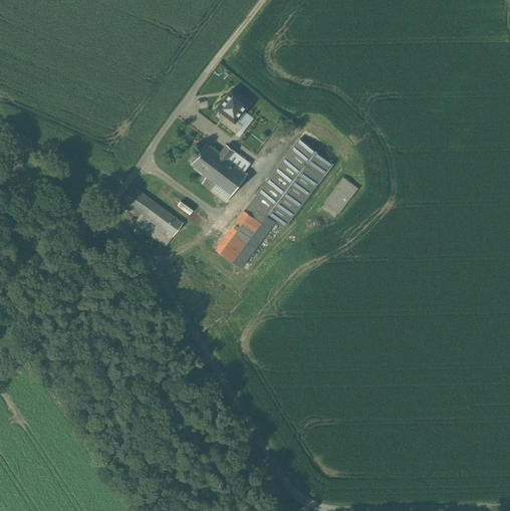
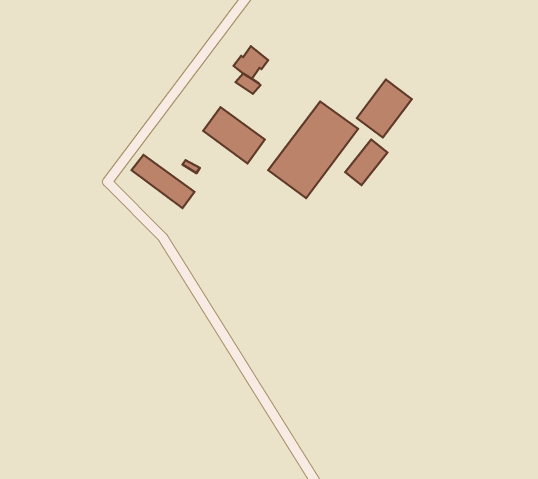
building: none -> [357,80,412,138]
building: [214,210,269,269] -> none

